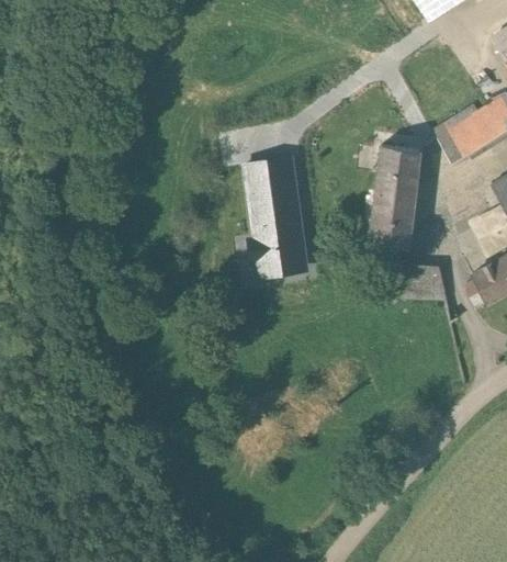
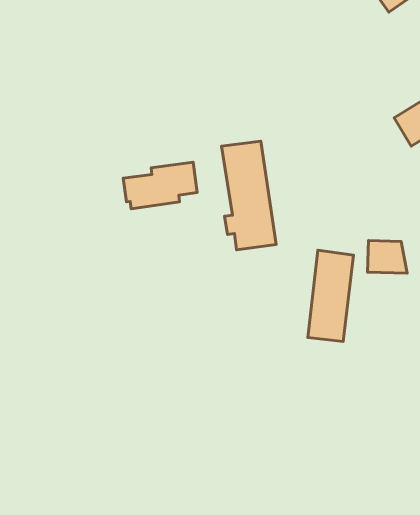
building: [370,149,419,248] -> [308,250,353,341]
building: none -> [123,162,197,209]

